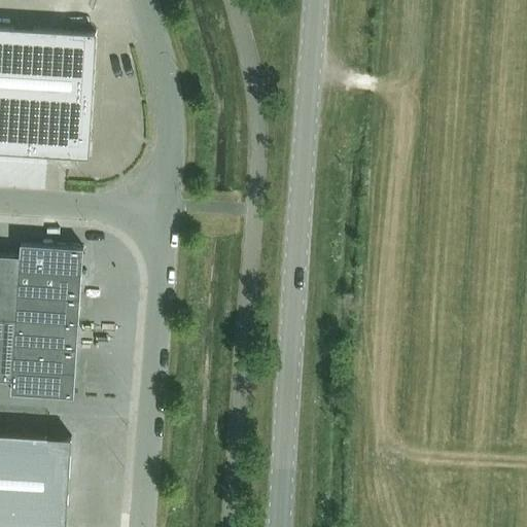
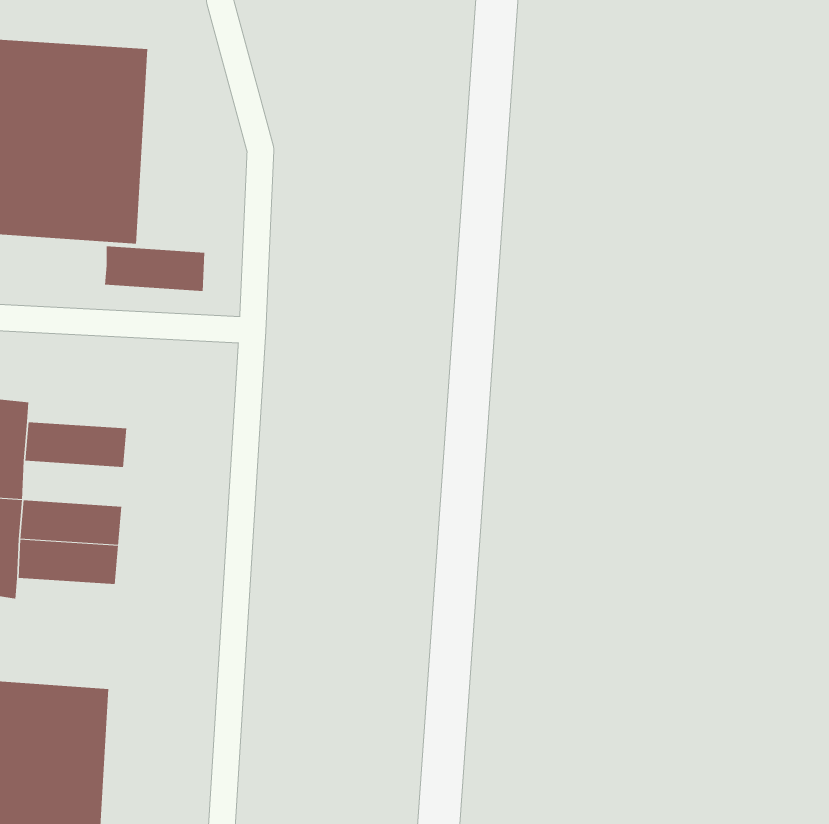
building: [17,247,81,276] -> [104,246,205,291]
building: [14,296,78,325] -> none
building: [9,371,73,400] -> none

